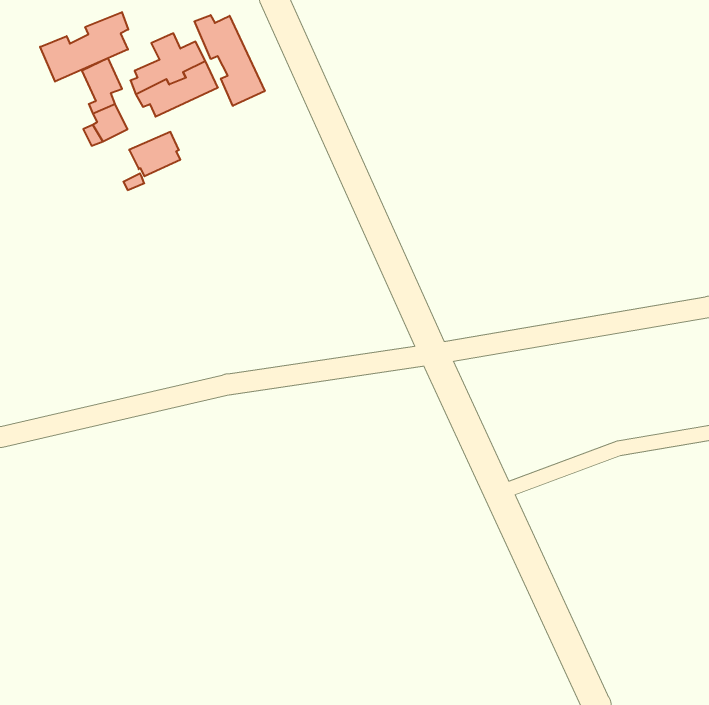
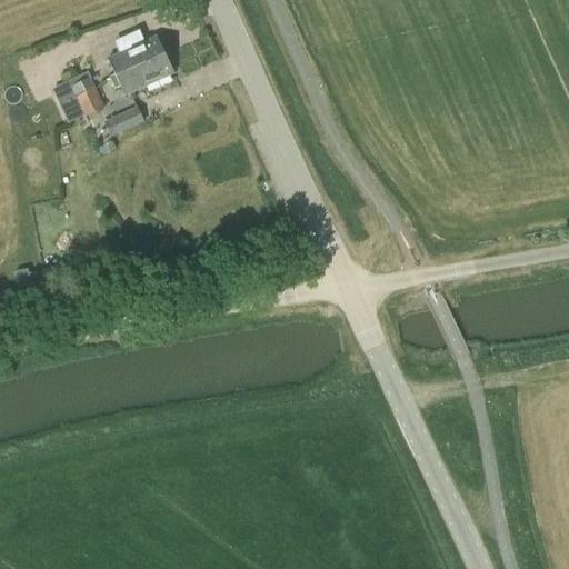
building: [40,12,128,82] -> none
building: [194,15,265,106] -> none

